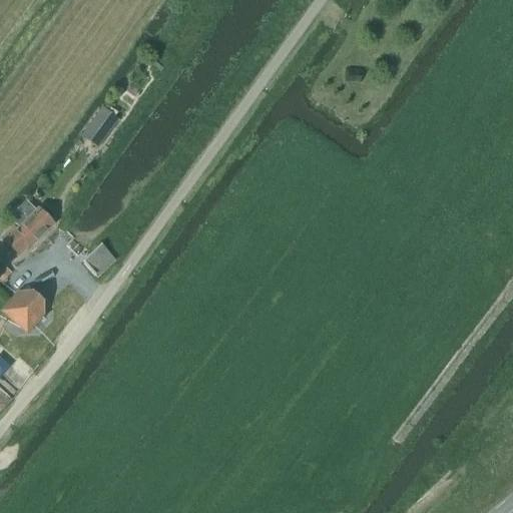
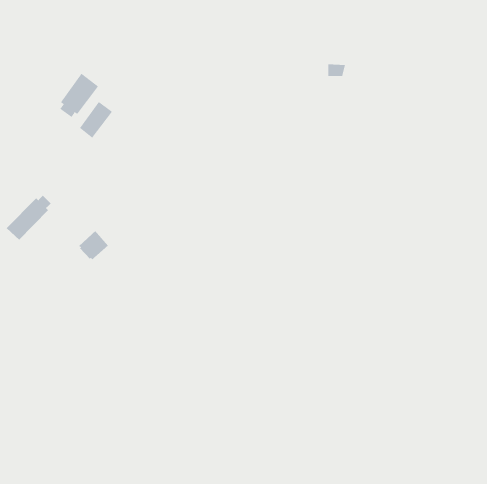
building: none -> [60,73,99,118]
building: [8,291,42,325] -> none

